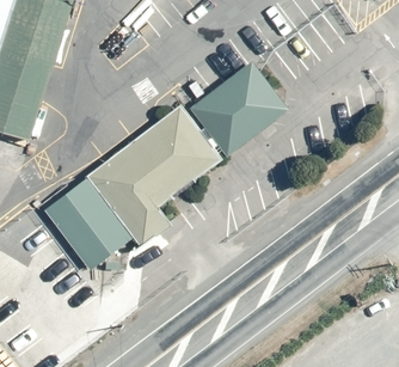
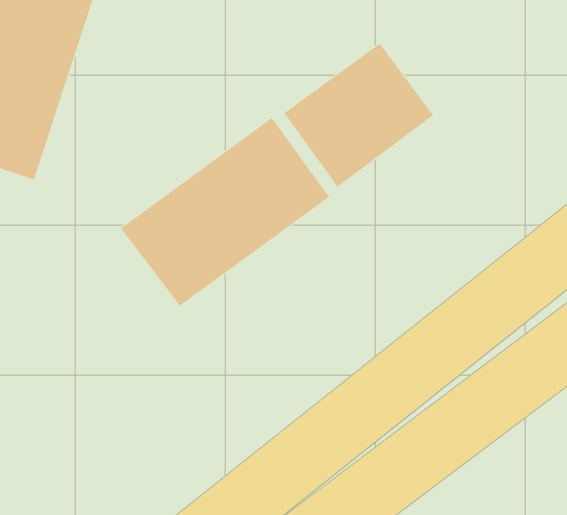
building: [39,179,127,269] -> none

